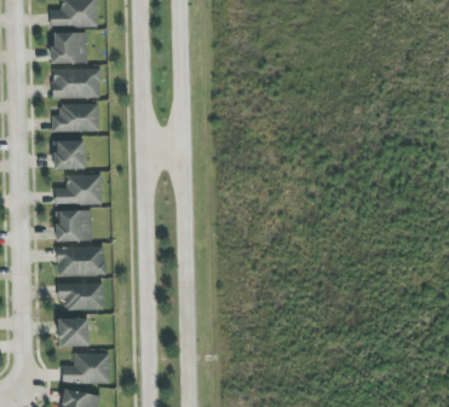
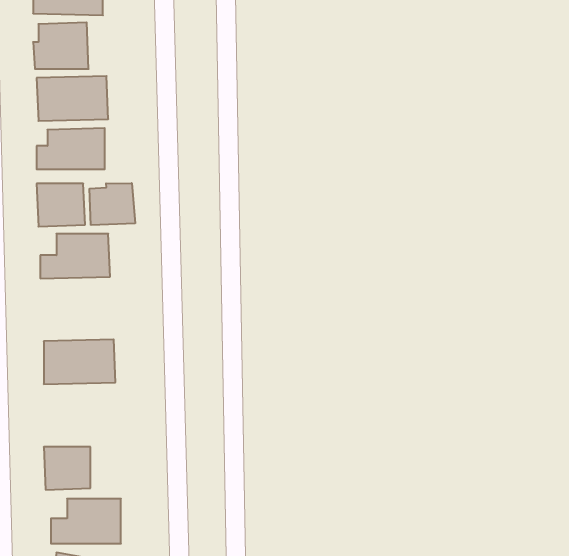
building: none -> [90,183,135,225]
building: [54,209,91,242] -> none
building: [57,281,103,309] -> none

